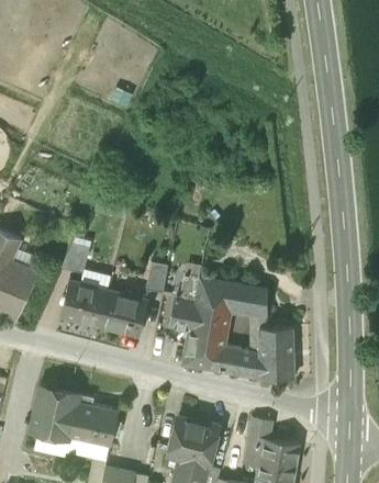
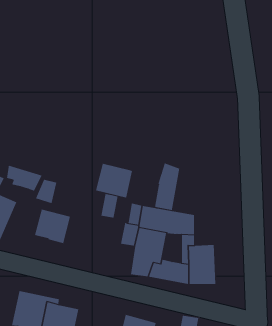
building: none -> [155,163,180,211]
building: none -> [7,165,42,192]
building: [98,291,146,336] -> [95,163,133,198]

